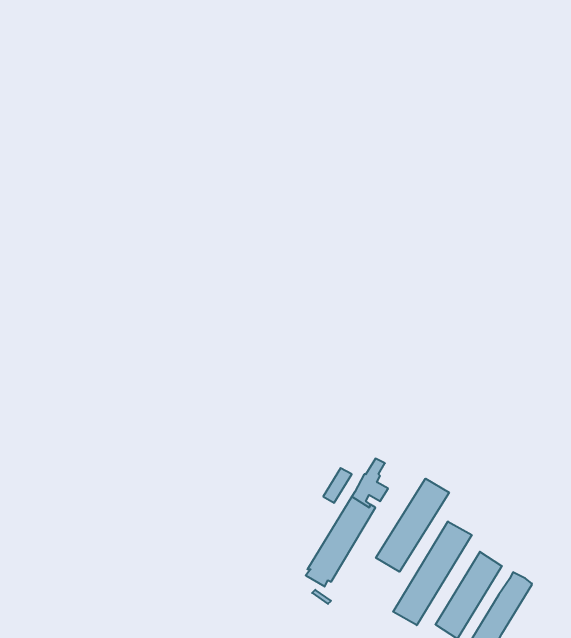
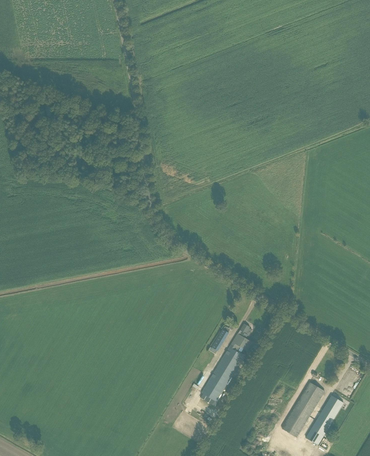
building: [376,479,449,572] -> none
building: [393,521,472,625] -> none

